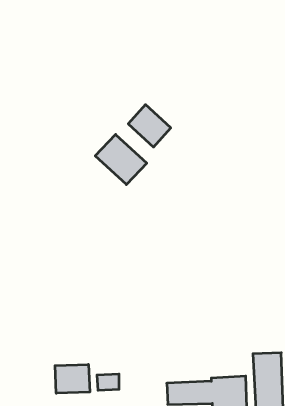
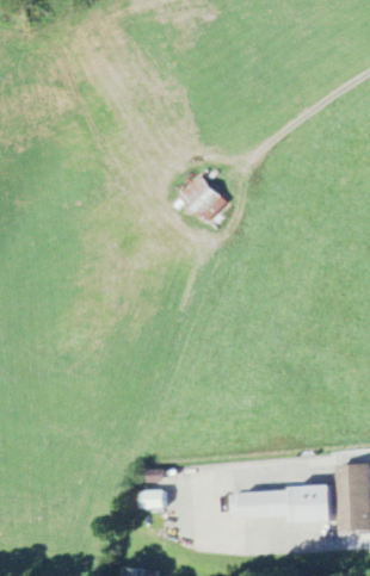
building: [95,134,147,185] -> none
building: [55,364,90,393] -> none

